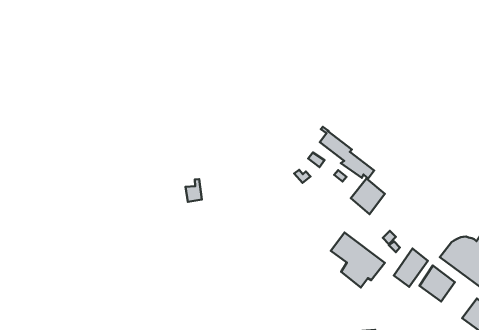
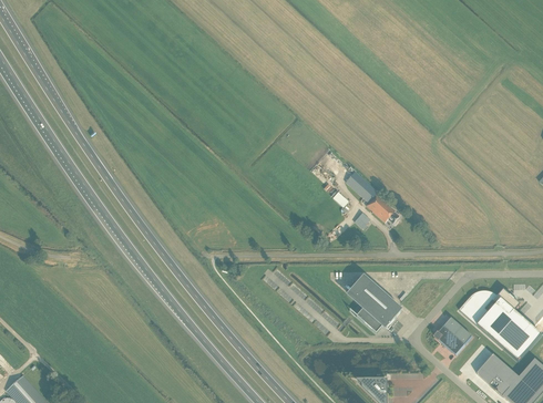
building: [351,179,385,214] -> none
building: [394,248,428,287] -> none

